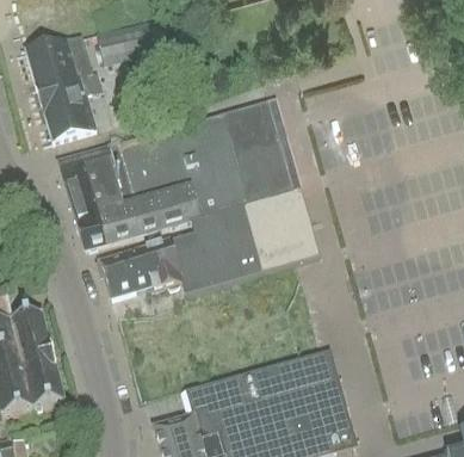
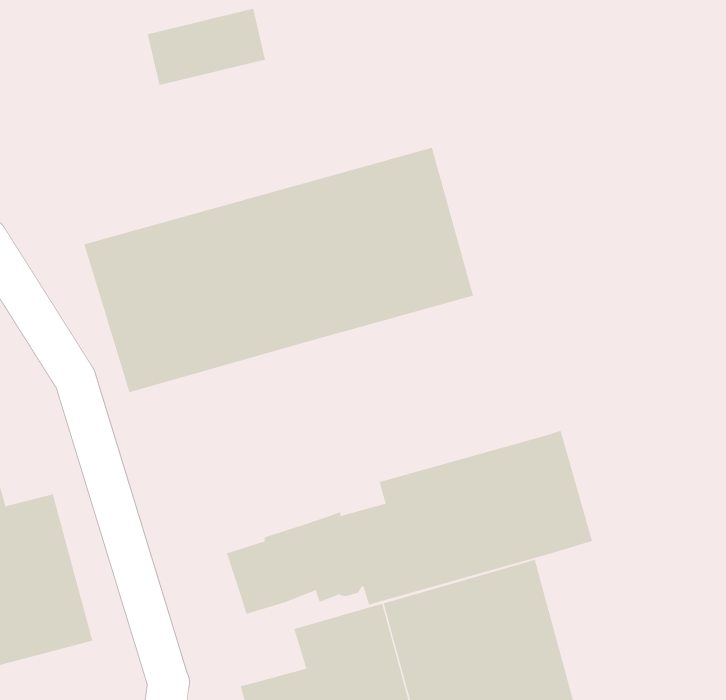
building: [25,36,95,140] -> none
building: [99,187,320,298] -> [226,430,593,615]

